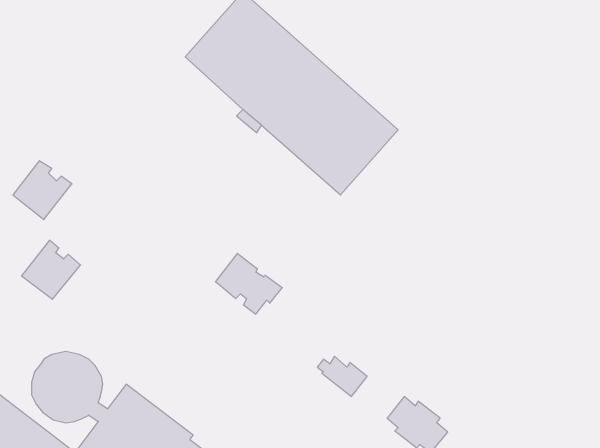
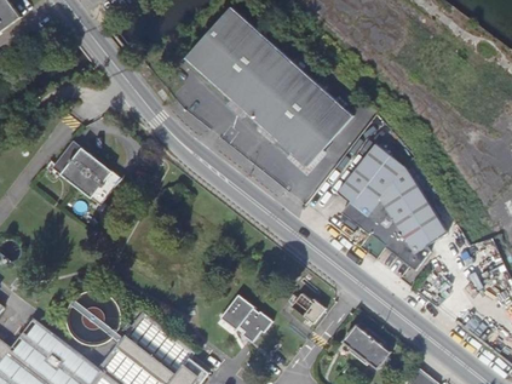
building: none -> [338,145,443,266]
building: [22,240,81,299] -> [76,159,122,205]
building: [215,254,282,314] -> [222,296,274,343]

